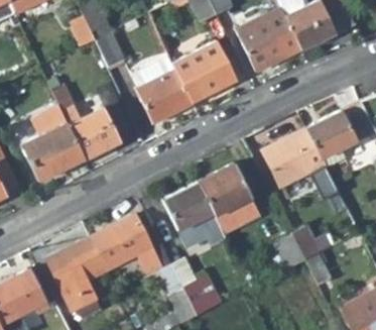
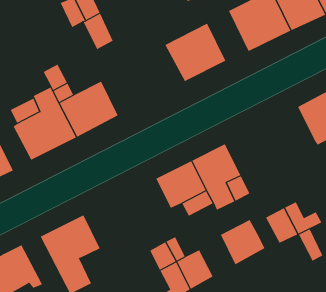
building: [128,65,194,126] -> none
building: [264,127,326,195] -> none
building: [92,214,161,278] -> none
building: none -> [220,219,265,265]

